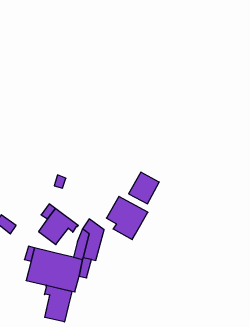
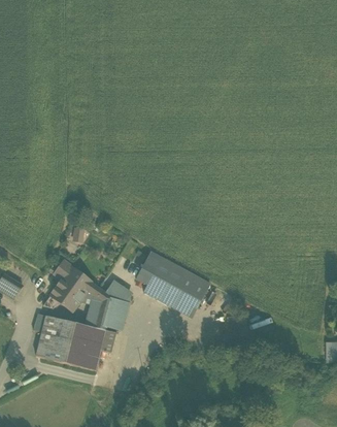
building: [129,172,159,204] -> [171,271,209,310]
building: none -> [77,288,105,327]
building: [45,285,72,322] -> none

